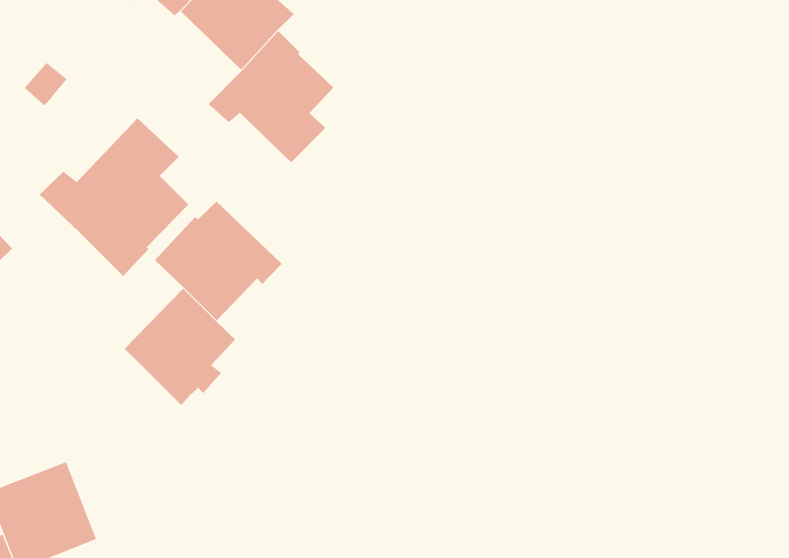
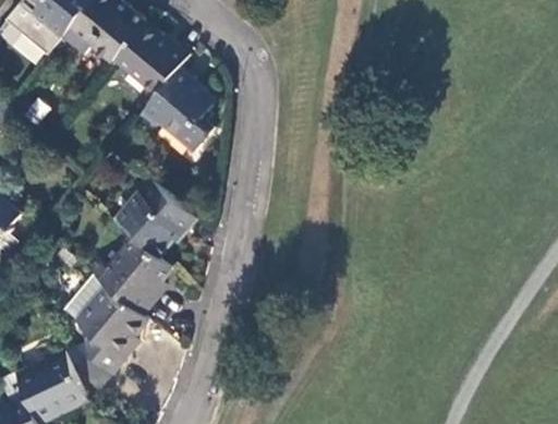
building: [39,118,189,277] -> none
building: none -> [72,284,144,373]

